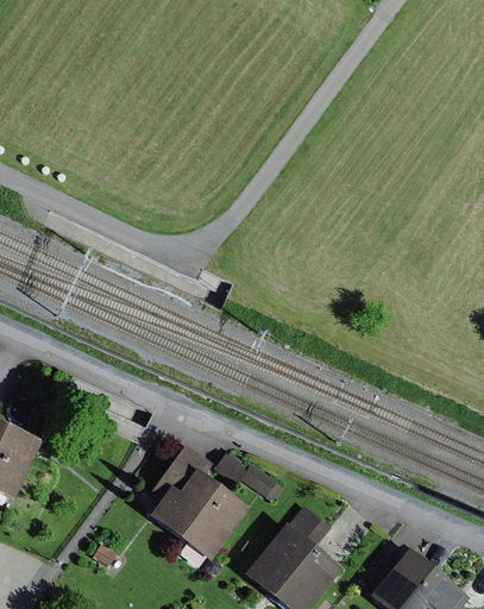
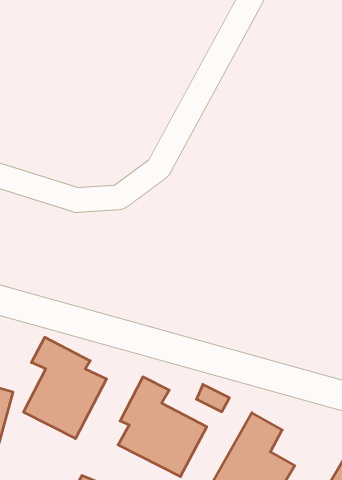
building: none -> [24,337,107,439]

